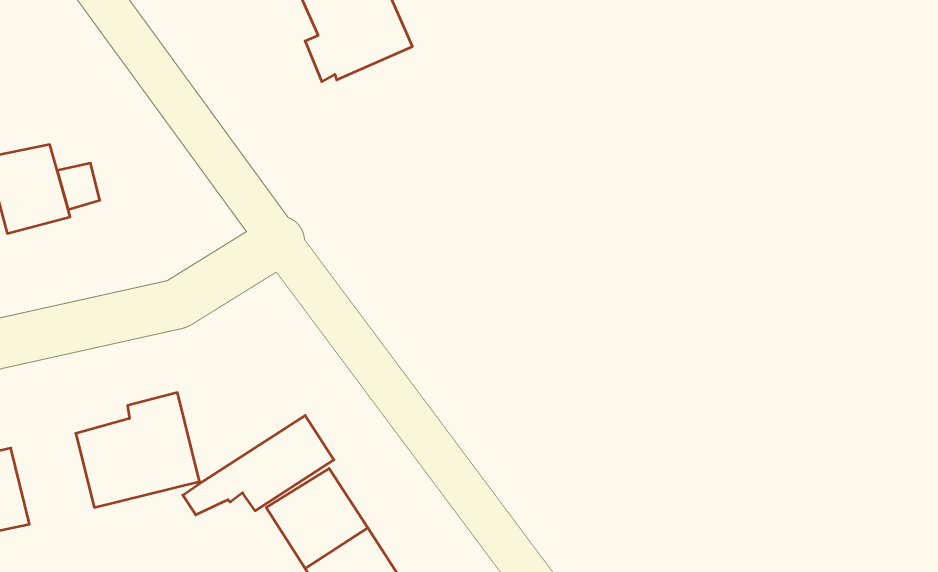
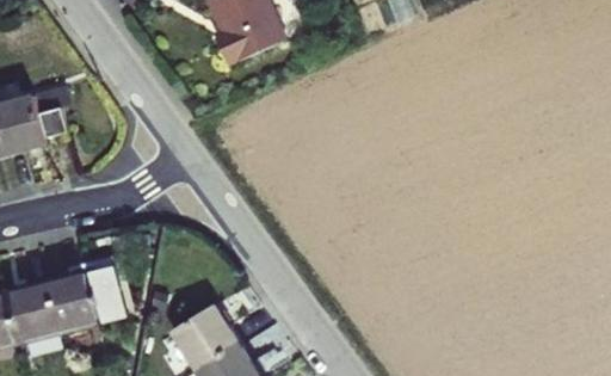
building: [183,415,334,515] -> none
building: none -> [8,283,62,341]

